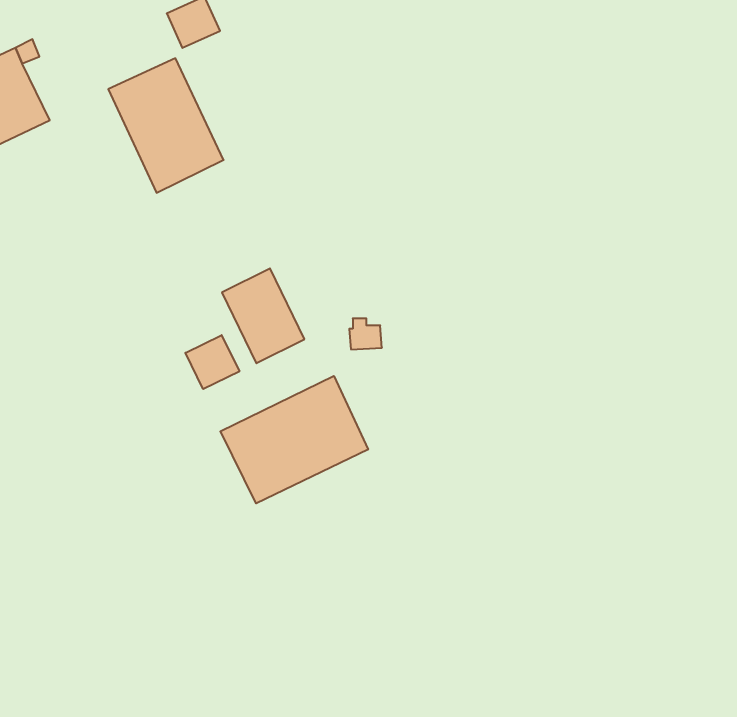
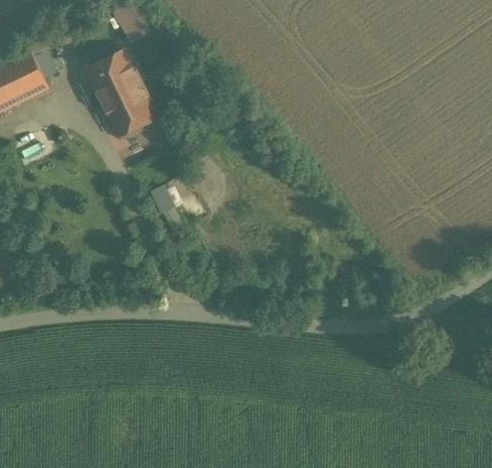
building: [185,335,239,389] -> none
building: [220,376,368,503] -> none

